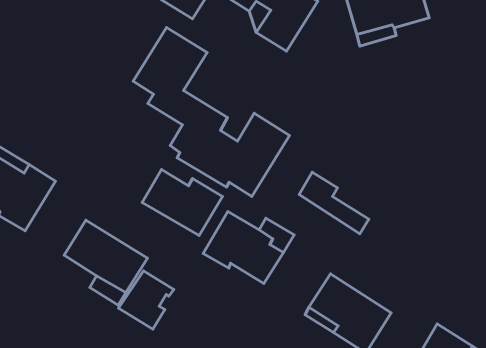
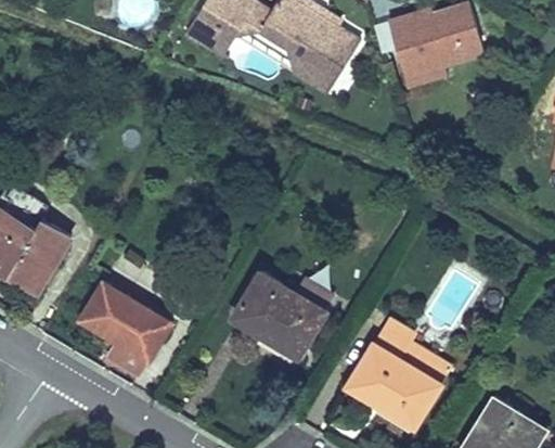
building: [133,27,290,197] -> none
building: [142,170,223,236] -> none
building: [299,172,369,234] -> [374,317,451,385]
building: [118,271,174,329] -> none

